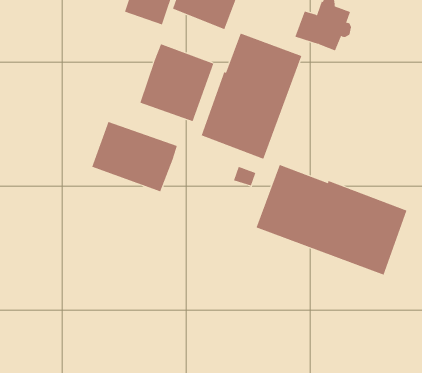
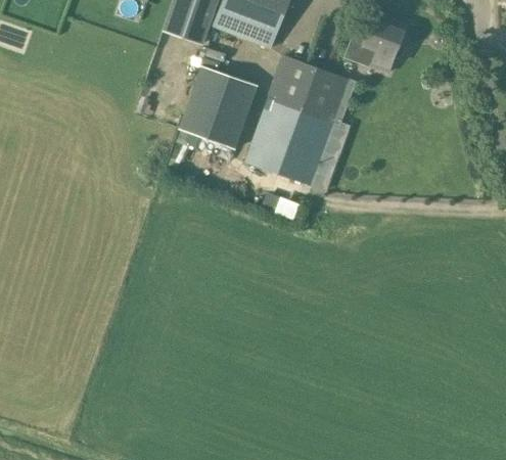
building: [92,121,178,192] -> none
building: [256,164,407,275] -> none

